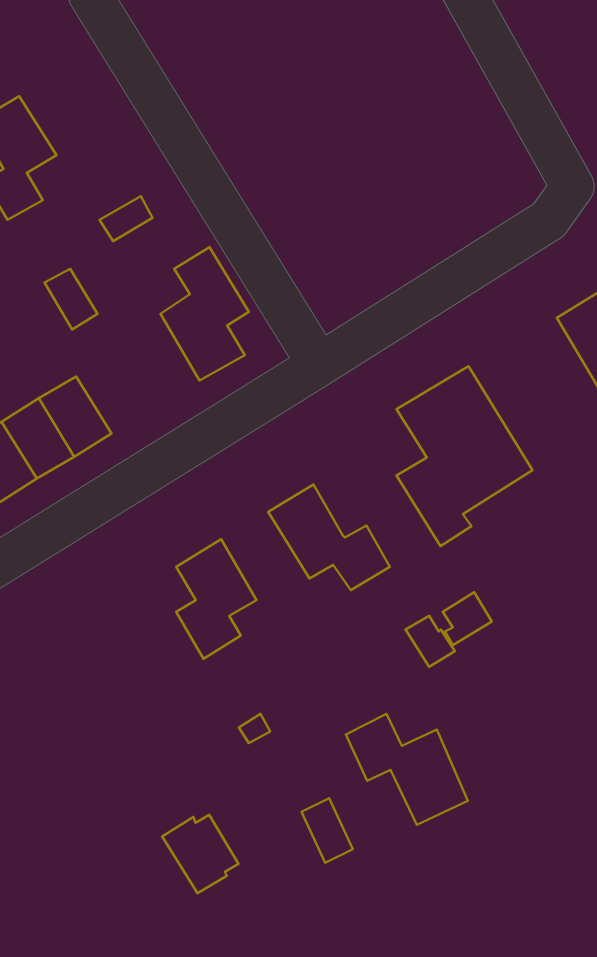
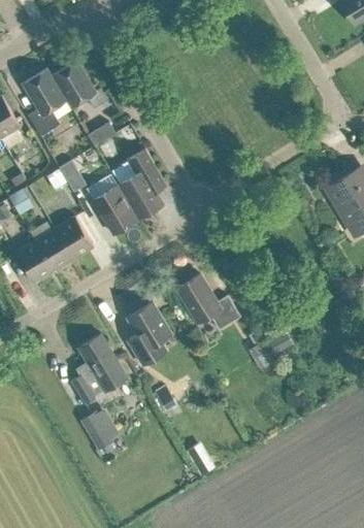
building: none -> [54,60,107,108]
building: none -> [92,185,136,234]
building: [397,366,533,546] -> none
building: none -> [70,333,127,403]
building: [346,714,468,825] -> none
building: [162,815,239,893] -> [78,408,119,450]

